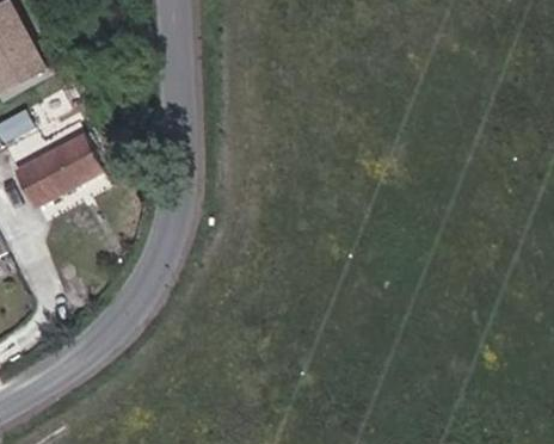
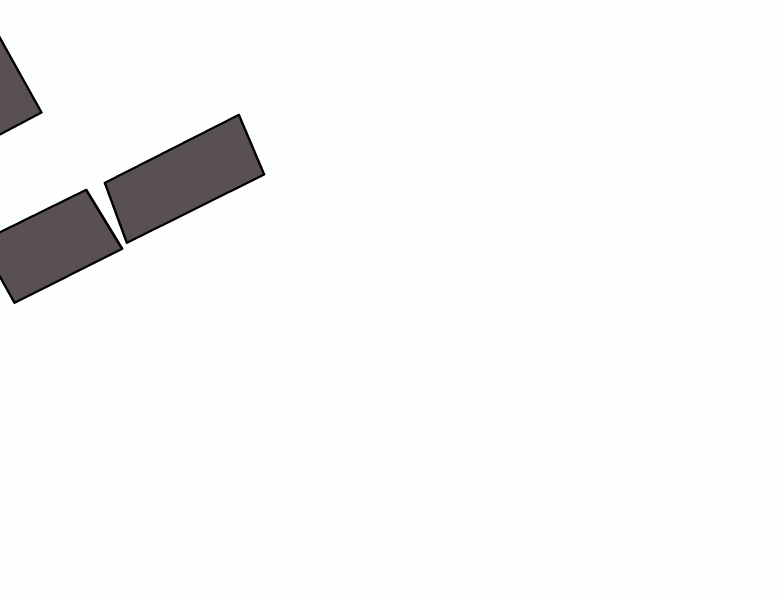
building: none -> [105,115,264,243]

